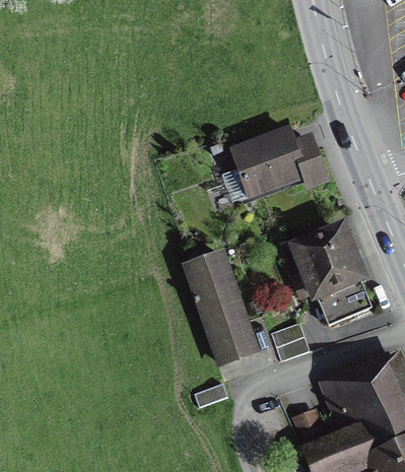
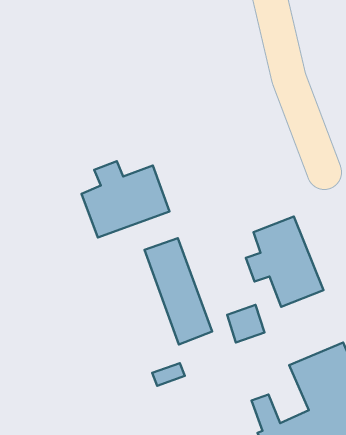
building: [233,130,324,195] -> none
building: none -> [82,161,170,238]

